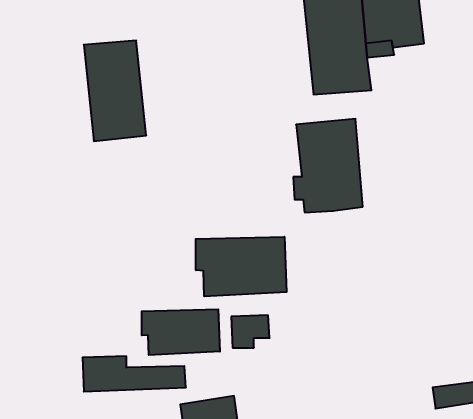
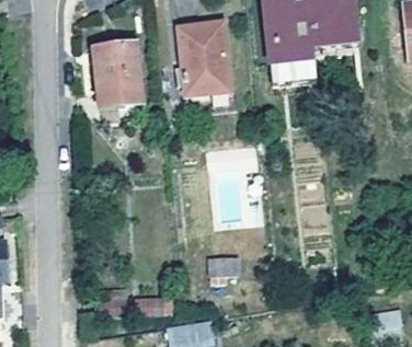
building: [293,119,363,212] -> [175,21,229,93]
building: [196,237,287,296] -> none
building: [142,309,220,355] -> none

